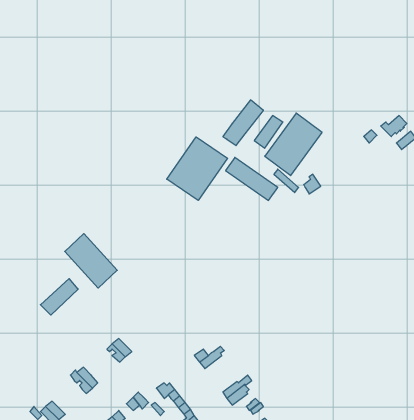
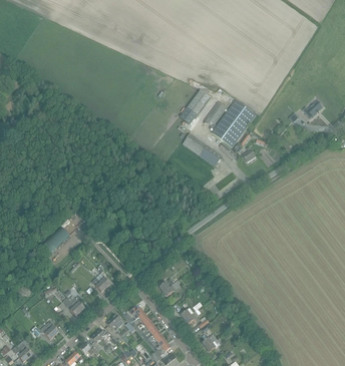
building: [167,137,228,200] -> none
building: [65,234,117,288] -> none

